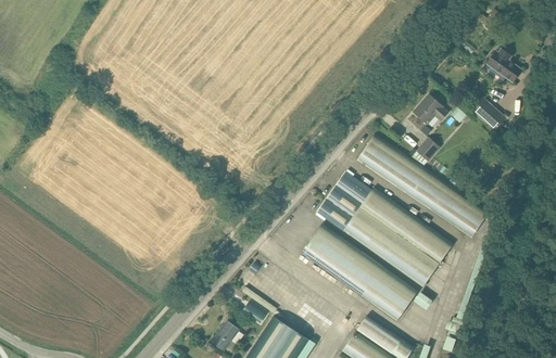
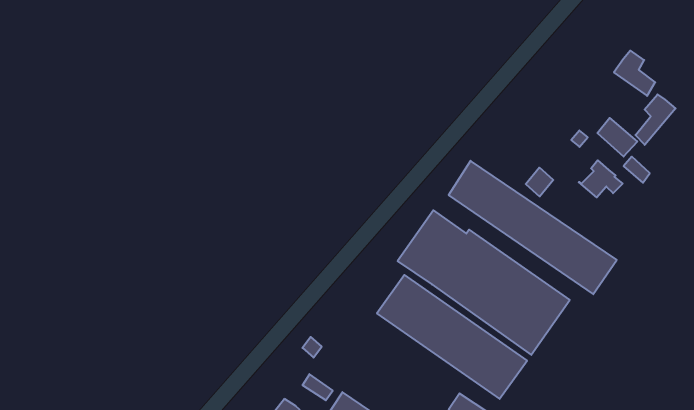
building: none -> [635,94,676,145]
building: [413,94,447,124] -> [579,160,623,197]

